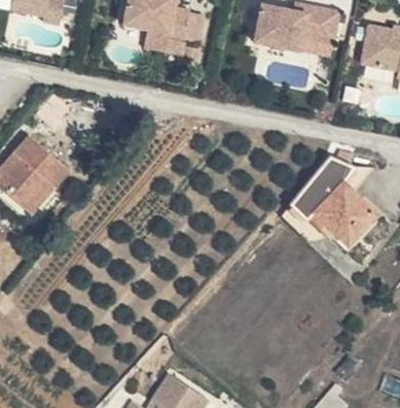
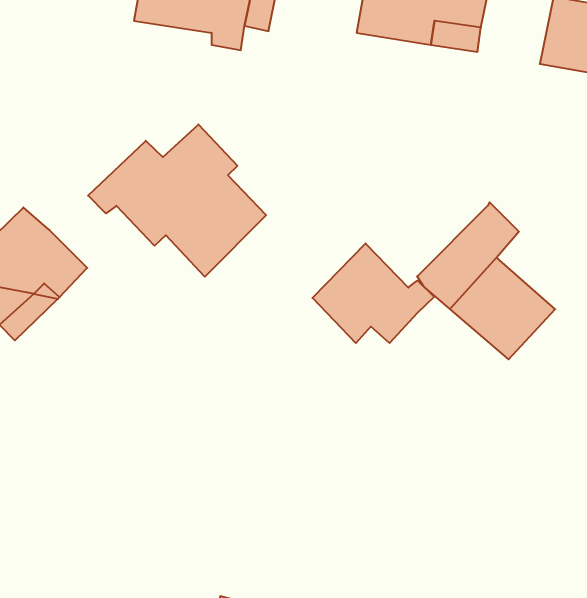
building: none -> [88,124,266,277]
building: none -> [312,243,434,343]

